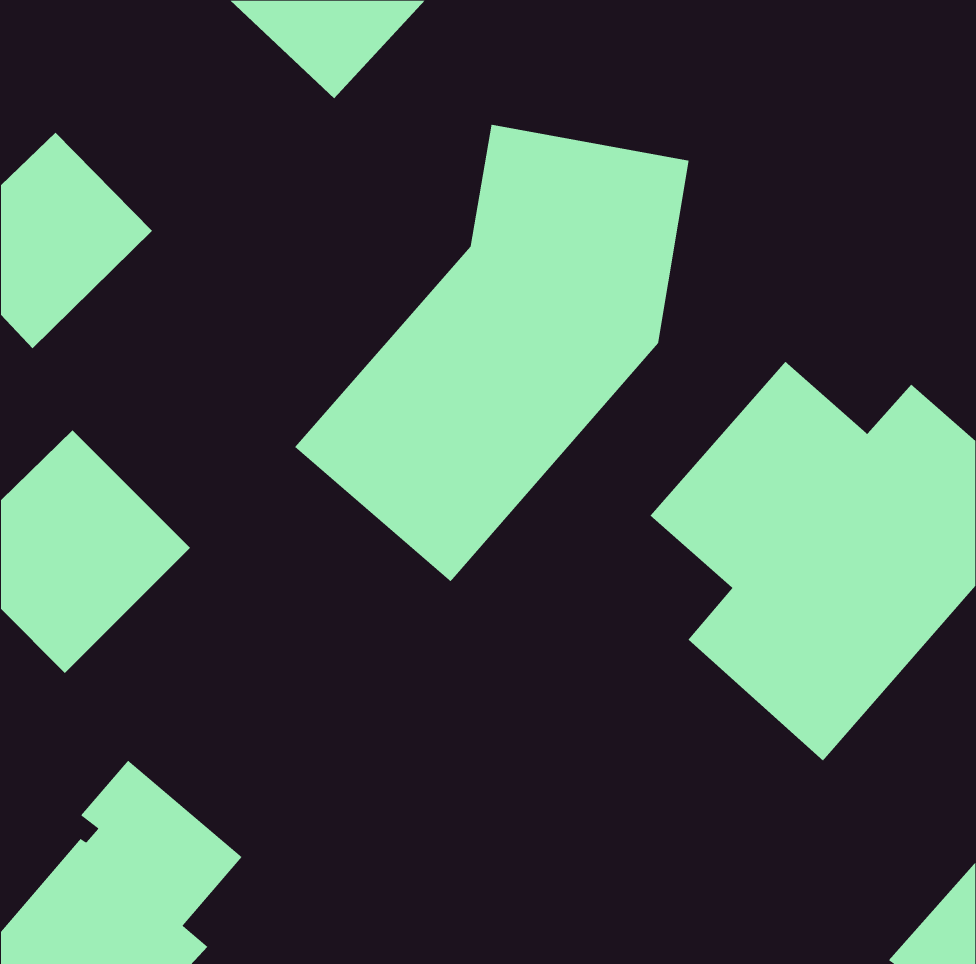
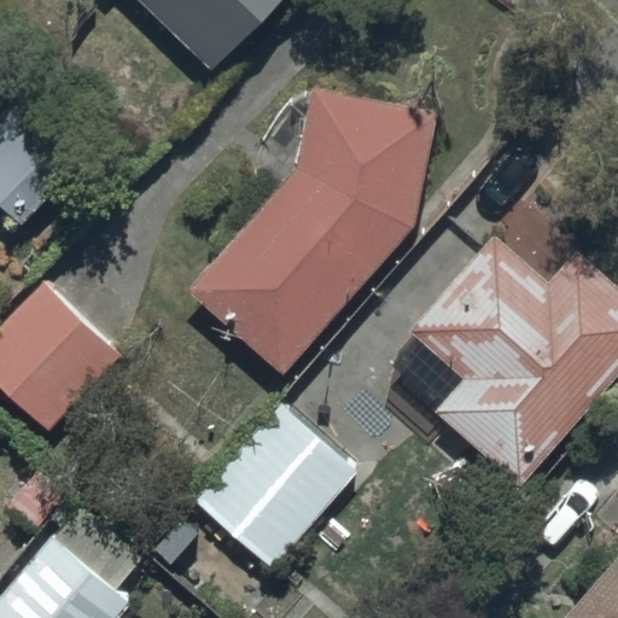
building: none -> [196,404,357,569]

